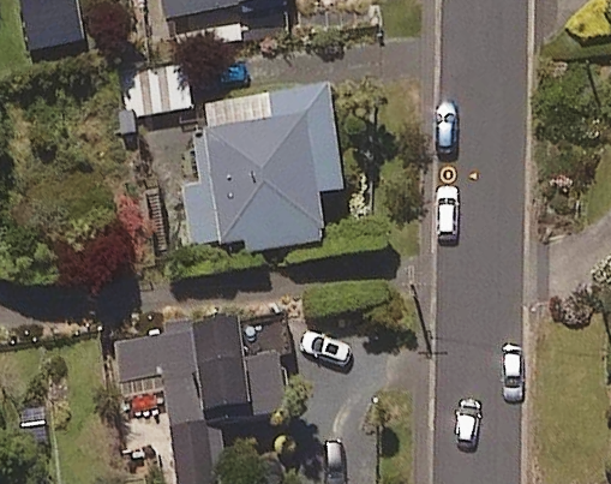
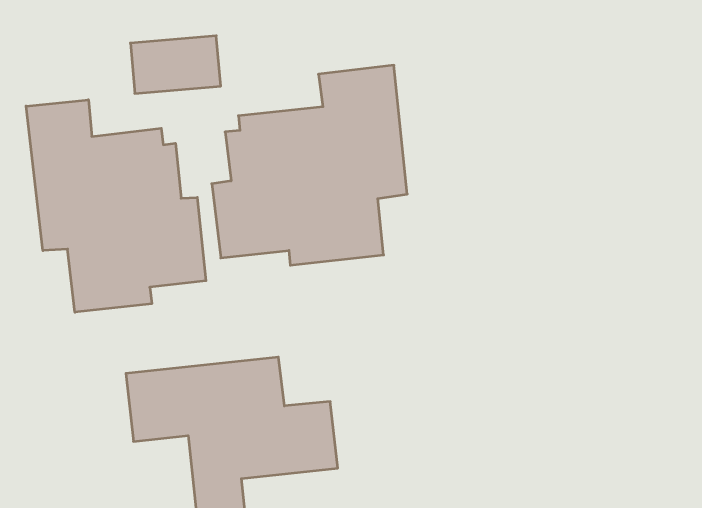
building: none -> [26,100,206,312]

